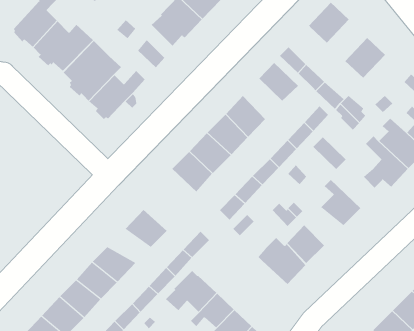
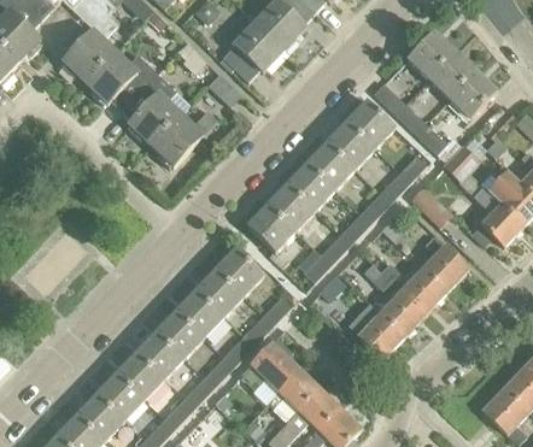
building: none -> [428,51,475,99]
building: none -> [330,119,376,166]
building: none -> [215,248,264,296]
building: none -> [402,269,447,313]
building: none -> [172,294,223,334]

